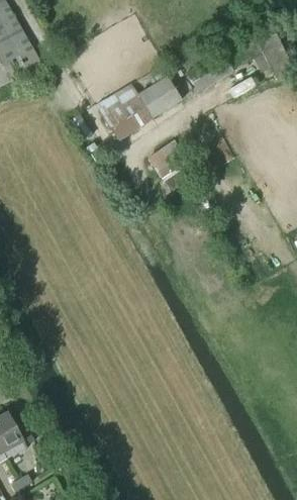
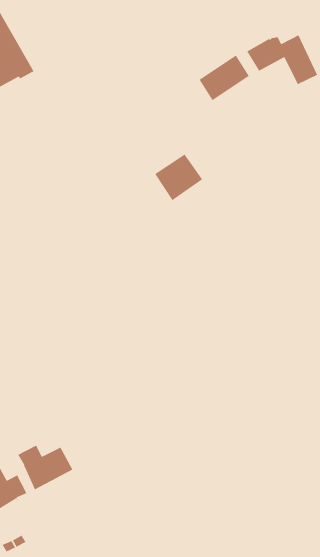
building: [103,76,181,139] -> none
building: none -> [17,444,73,490]

